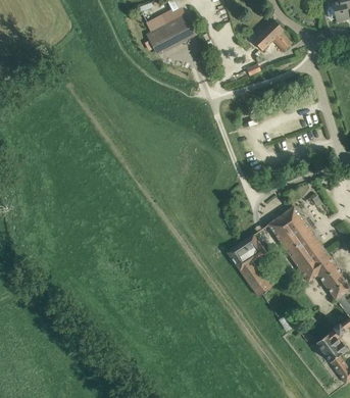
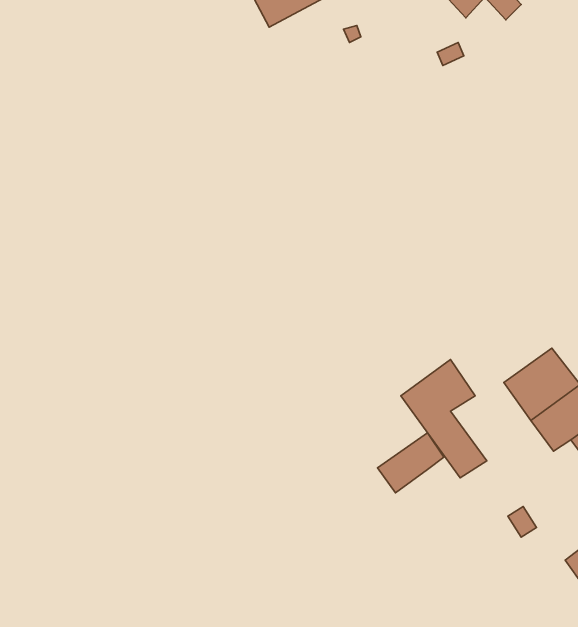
building: [266,206,307,245] -> none
building: none -> [378,433,444,493]

